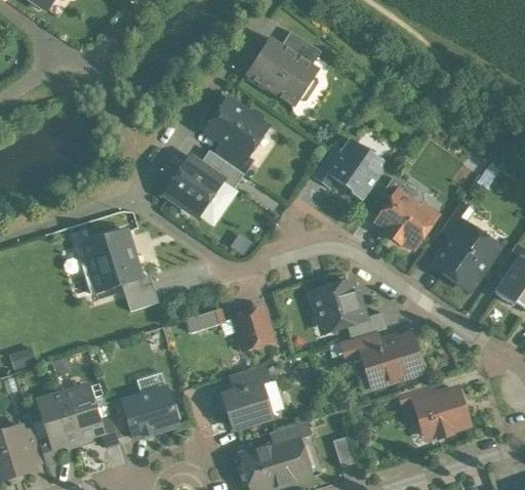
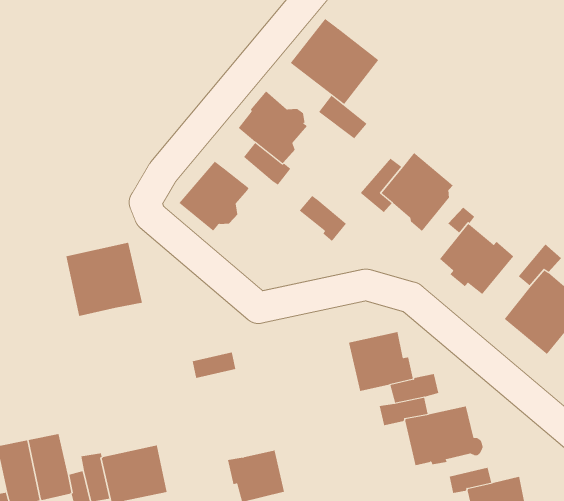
building: [281,30,321,64] -> [318,95,367,139]
building: [200,150,239,186] -> [299,195,347,242]
building: [123,274,159,311] -> none
building: [234,308,272,349] -> none
building: [230,365,271,392] -> none

